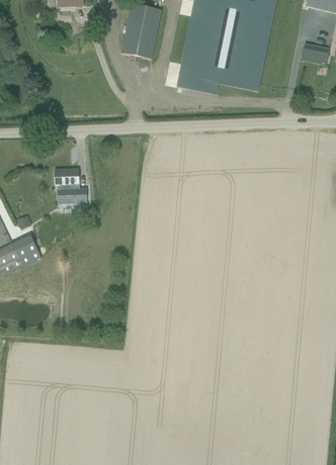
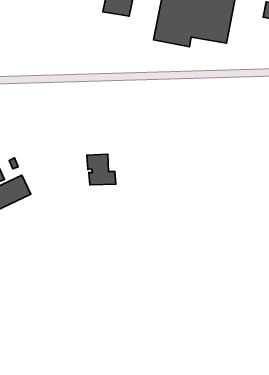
building: [54,169,86,203] -> [87,154,116,185]

